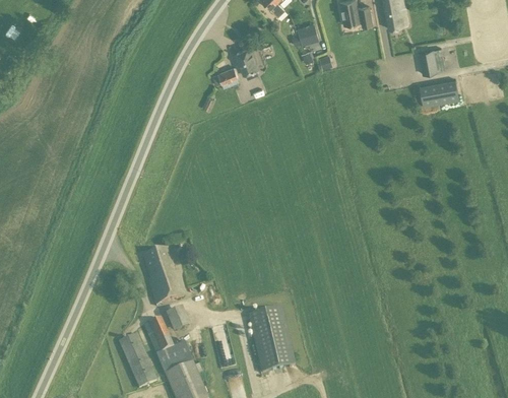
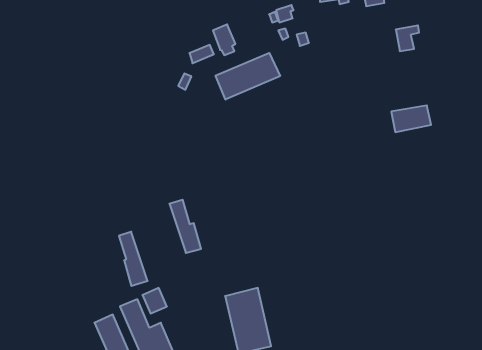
building: none -> [216,53,280,100]
building: [420,80,459,107] -> [391,105,431,132]
building: [155,249,187,302] -> [169,200,201,253]

